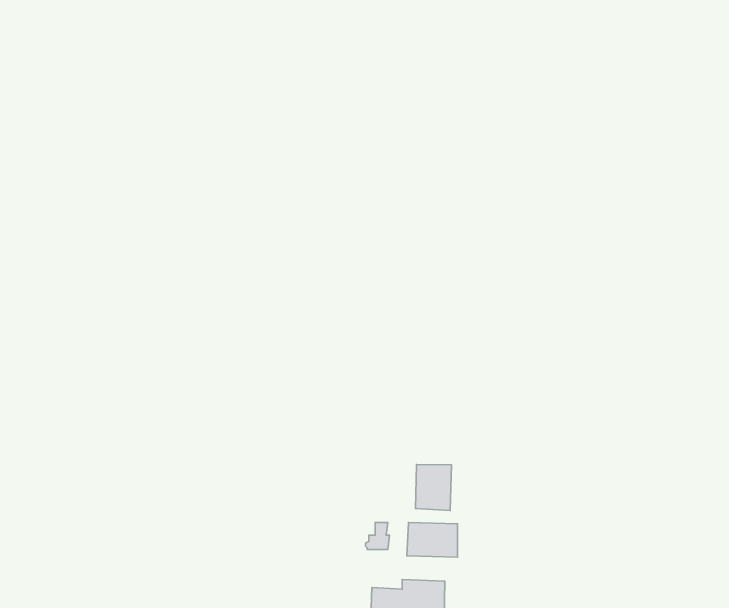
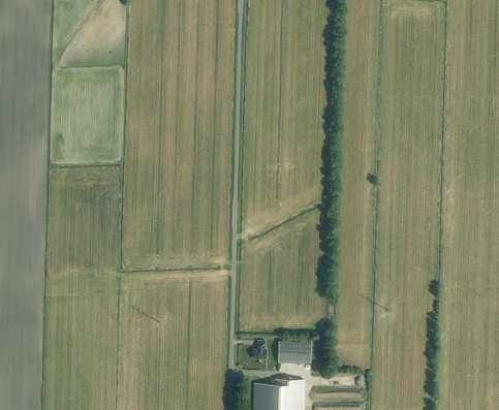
building: [415,464,452,511] -> none

